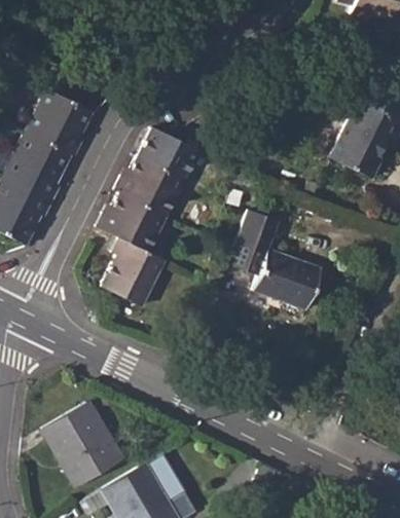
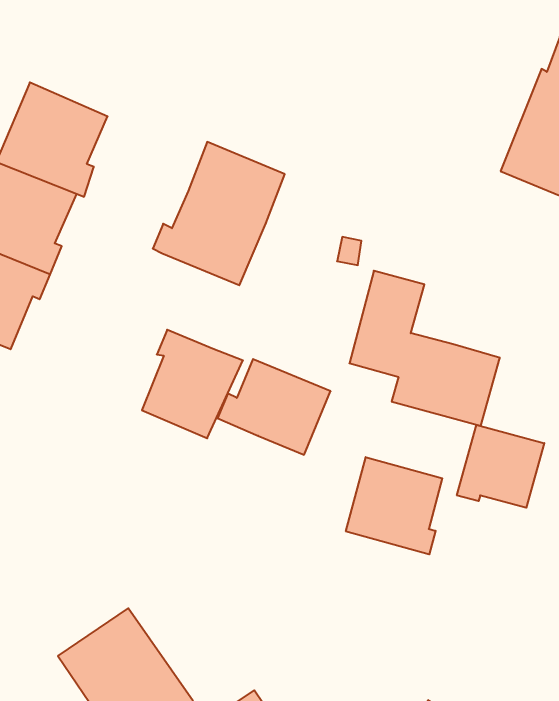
building: [98,191,167,251] -> [218,359,331,455]
building: none -> [457,425,544,508]
building: none -> [346,457,442,554]

